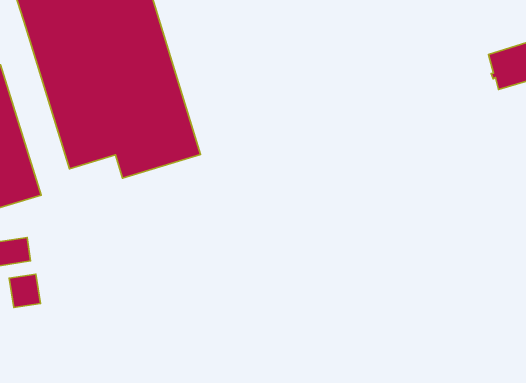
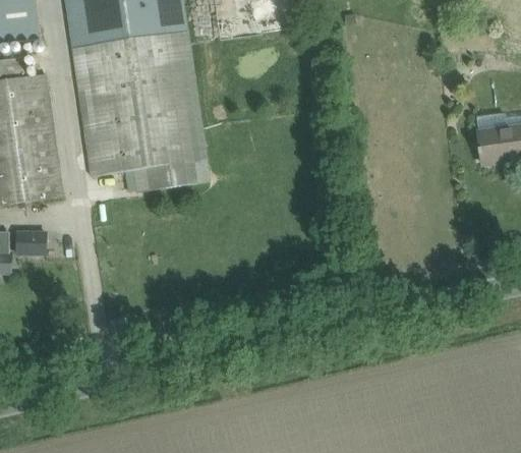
building: [9,274,40,308] -> none

